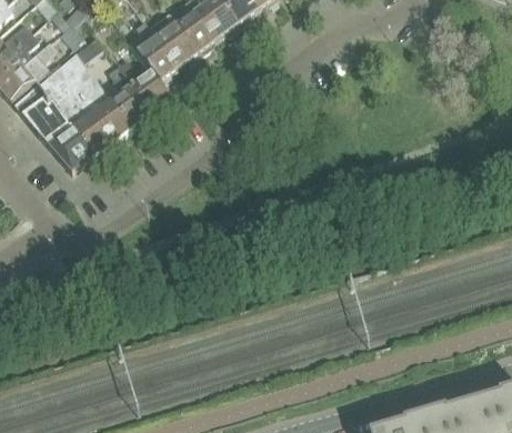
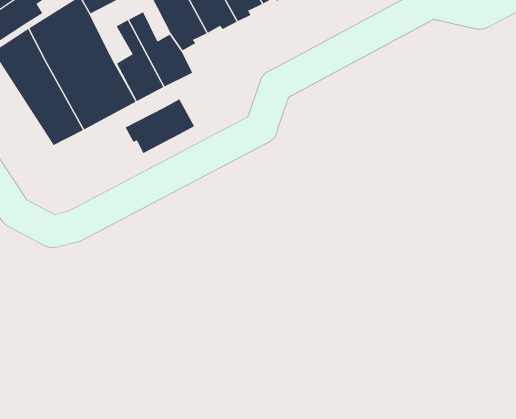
building: none -> [125,99,195,154]

